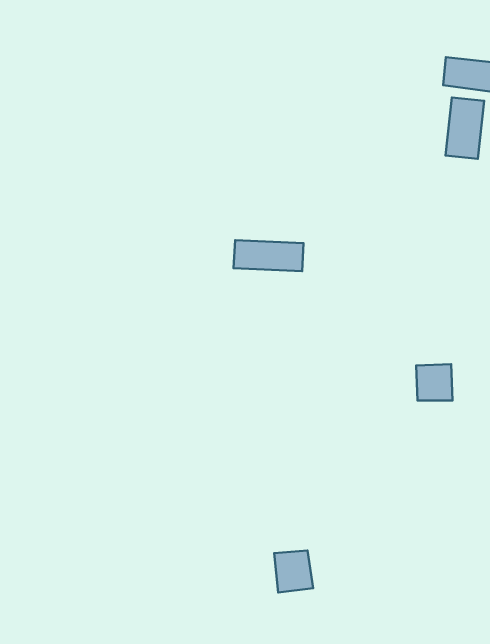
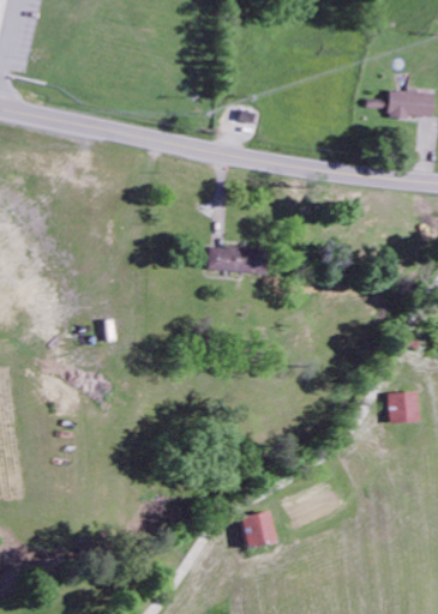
building: [446,97,484,159] -> none
building: [416,364,452,400] -> [388,391,419,422]

